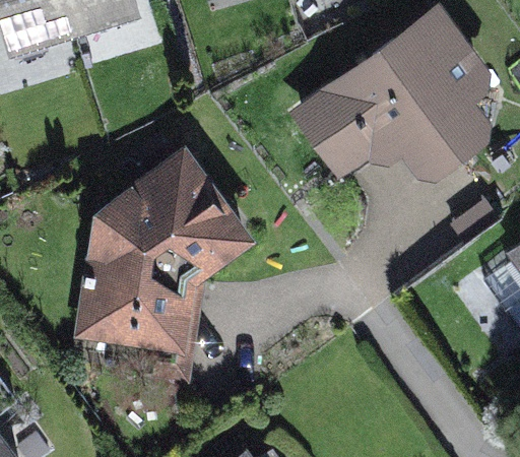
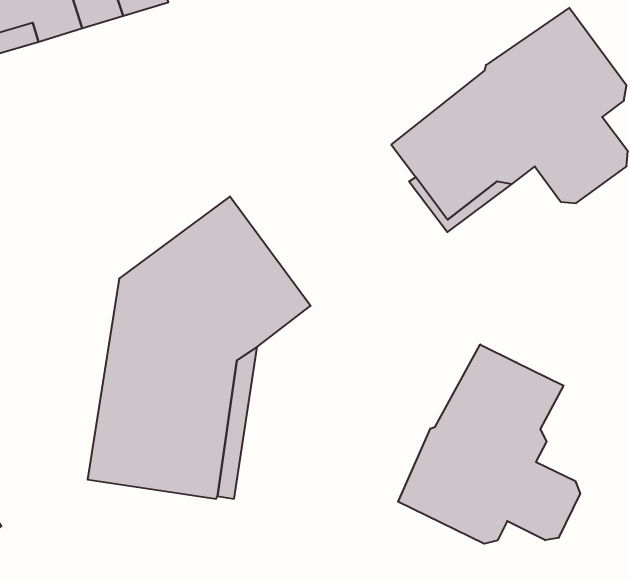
building: none -> [398,344,580,544]

